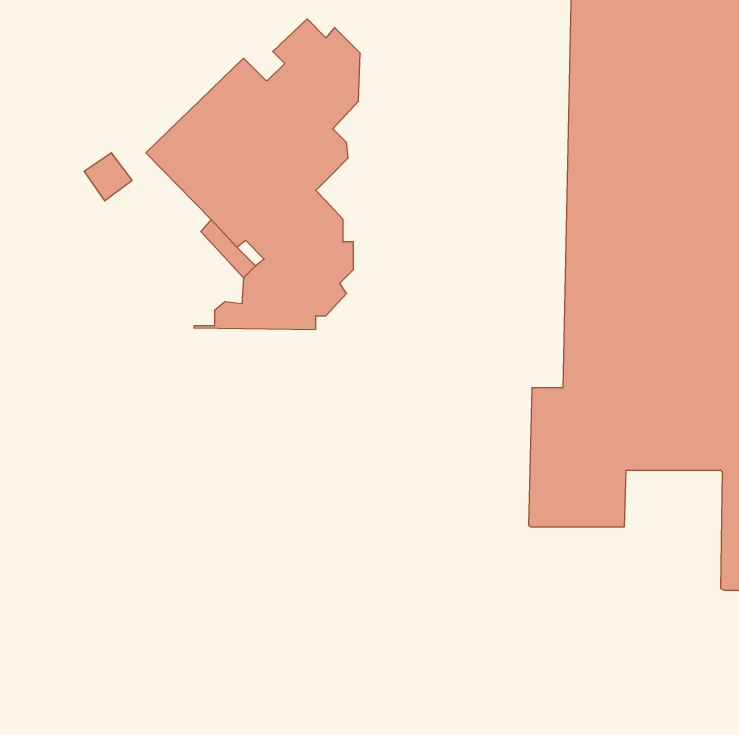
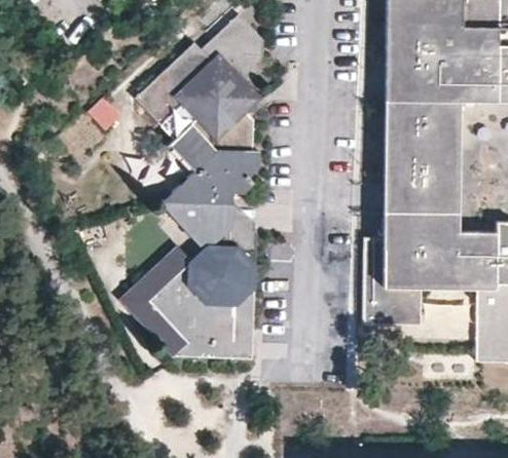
building: none -> [124,205,256,360]

